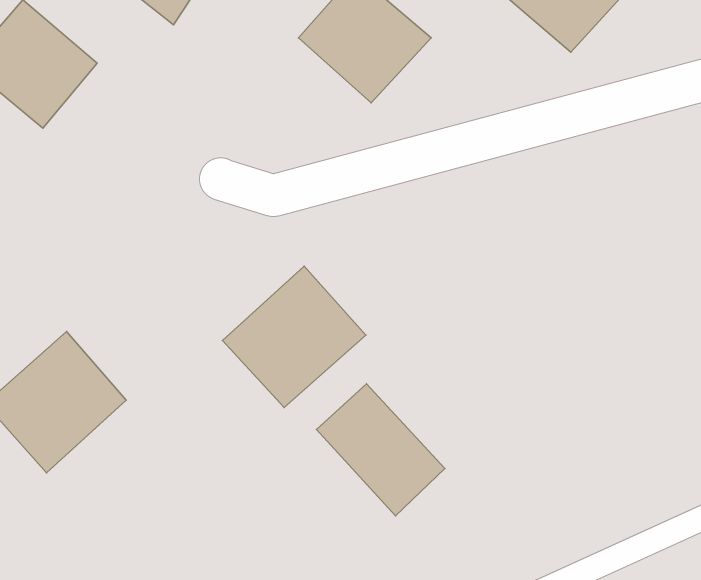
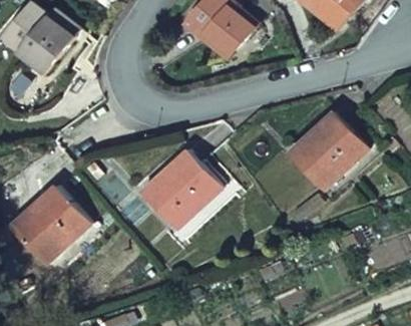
building: none -> [289,111,367,190]
building: [317,384,445,516] -> none

